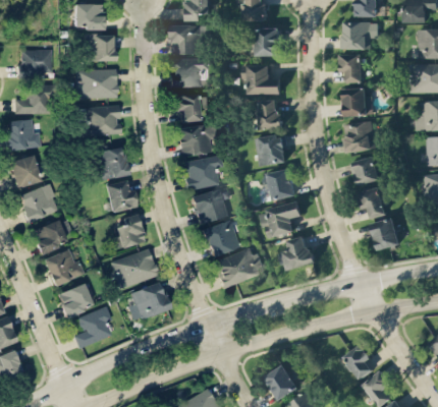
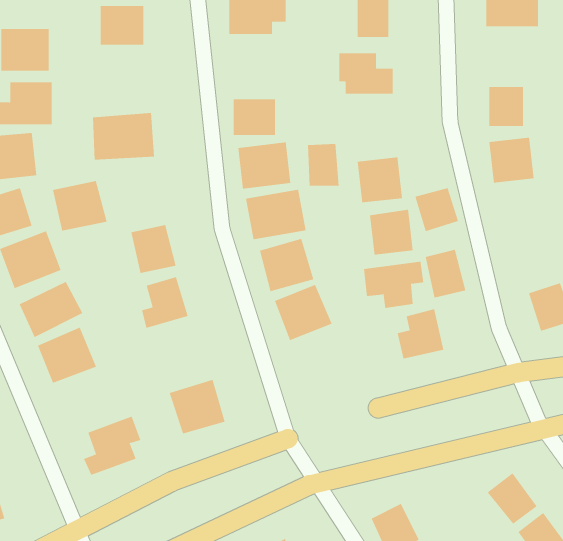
building: [340,55,361,82] -> none
building: [170,59,209,88] -> none
building: [75,70,115,98] -> none
building: [260,100,281,128] -> [307,143,339,186]
building: [92,148,128,181] -> [52,181,107,231]
building: [350,157,380,186] -> [415,187,459,232]
building: [359,187,386,220] -> [425,249,466,298]
building: [212,246,264,289] -> none
building: [110,250,157,289] -> none
building: [56,284,92,317] -> none

